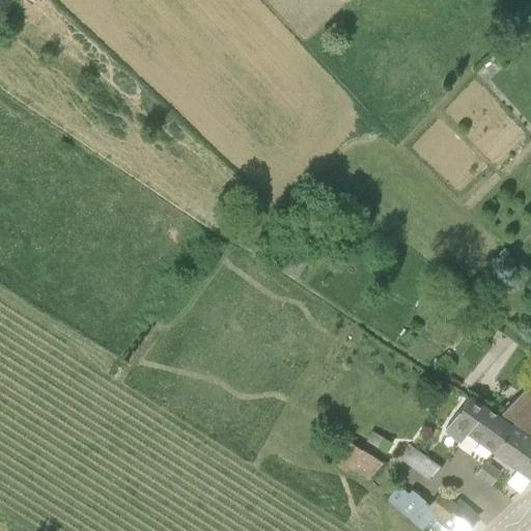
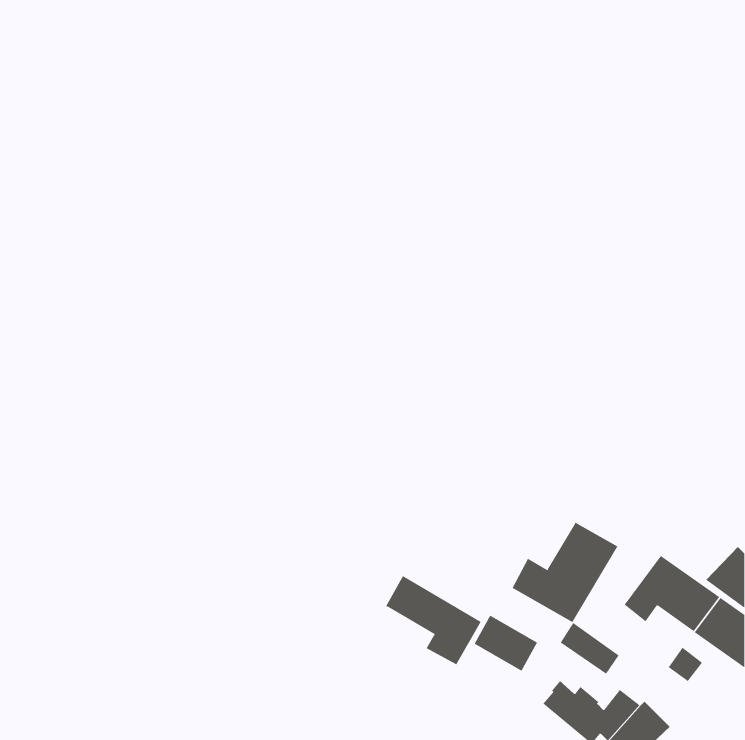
building: none -> [512,522,618,623]
building: none -> [386,575,481,665]

